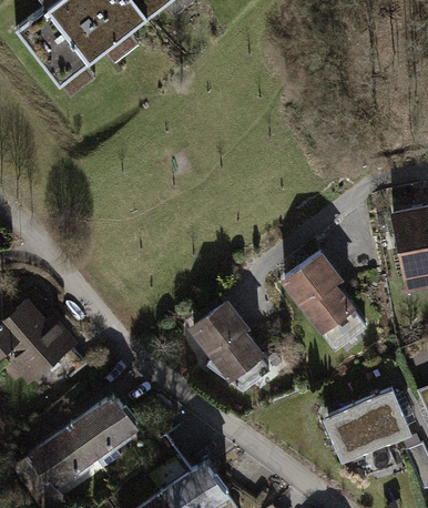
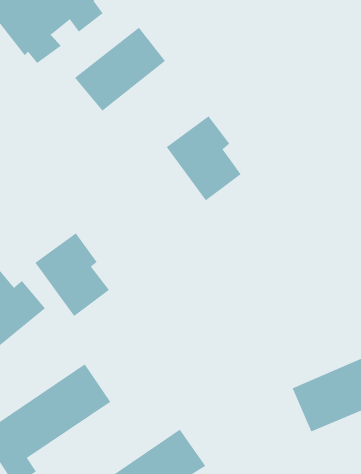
building: none -> [74,27,166,111]
building: [279,251,354,335] -> [166,115,241,201]
building: [187,301,262,384] -> [34,233,110,317]

